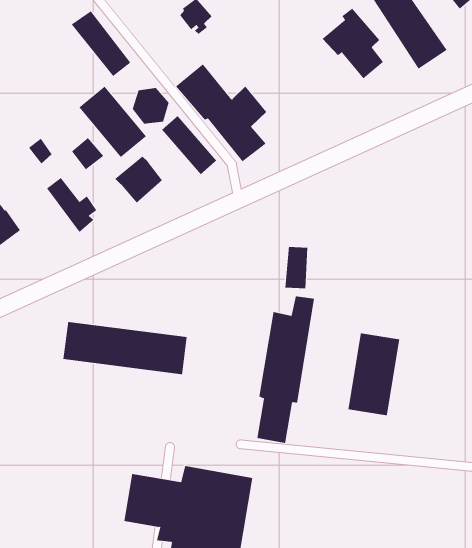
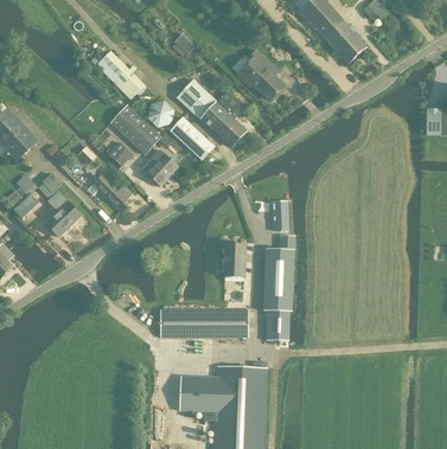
building: [322,8,384,79] -> [236,50,282,100]
building: none -> [223,244,245,277]
building: [63,321,188,375] -> [160,310,247,338]
building: [348,332,400,416] -> none

